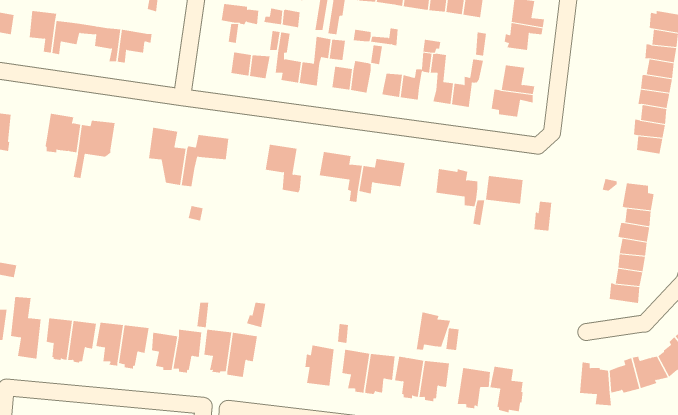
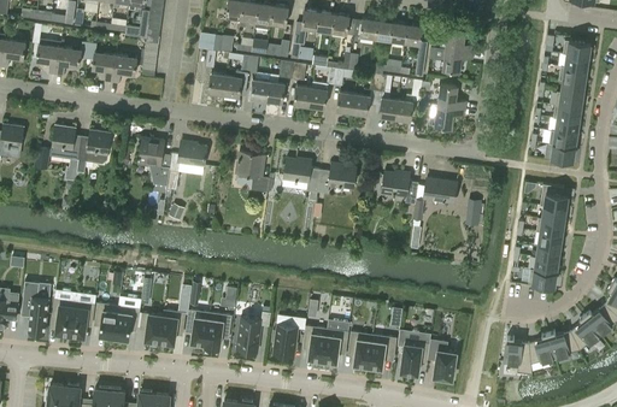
building: [416,311,451,350] -> none
building: none -> [236,311,270,352]

